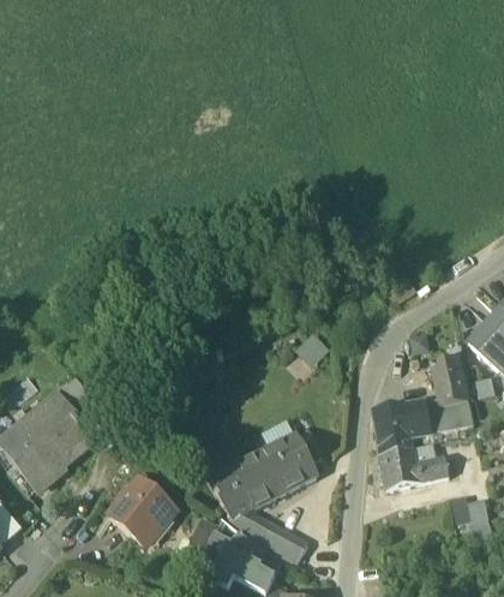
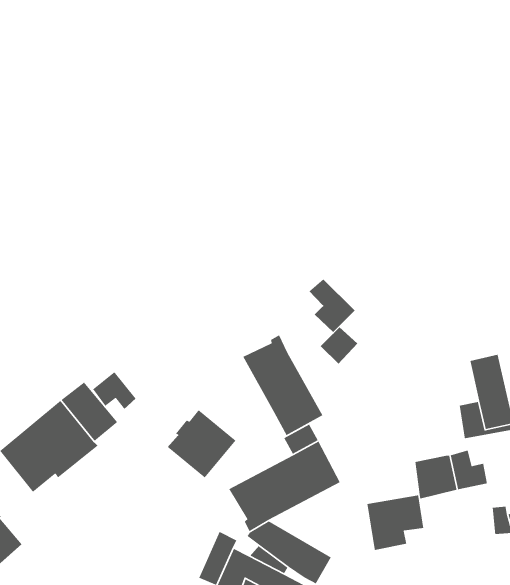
building: none -> [309,278,355,333]
building: none -> [242,334,324,436]
building: none -> [92,371,137,410]
building: [373,402,426,454] -> [366,494,424,551]
building: [110,484,174,548] -> [167,409,236,478]

